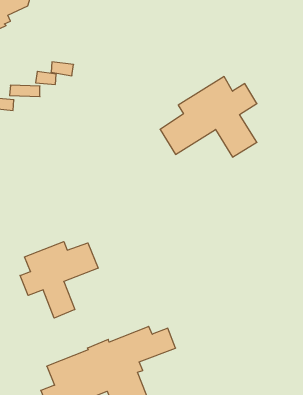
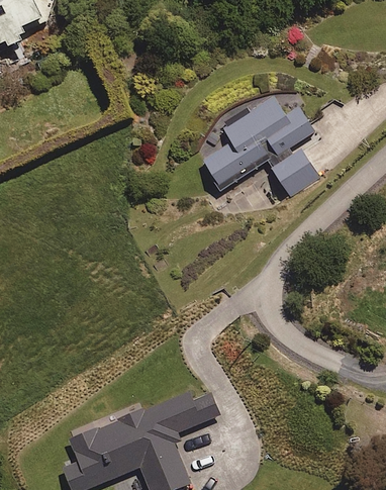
building: [20,242,98,318] -> none

